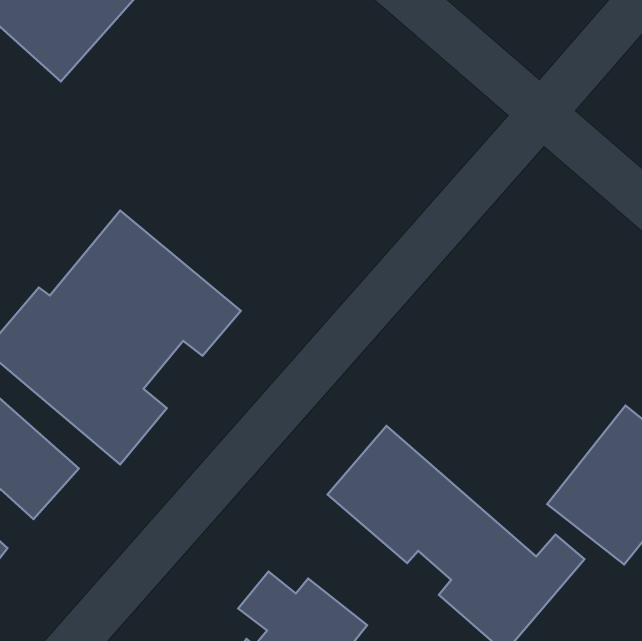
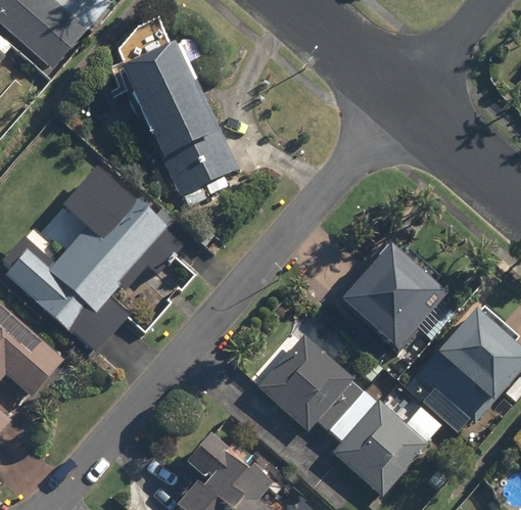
building: none -> [120,40,240,206]
building: none -> [332,239,444,352]

